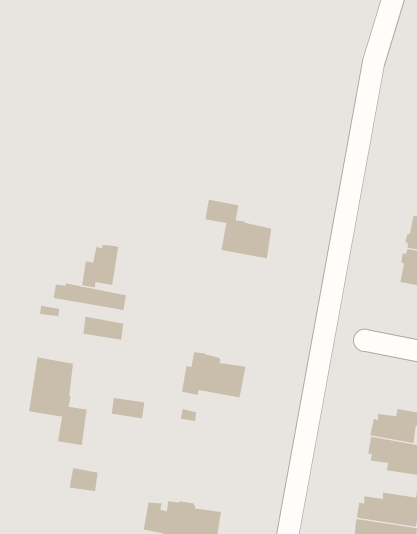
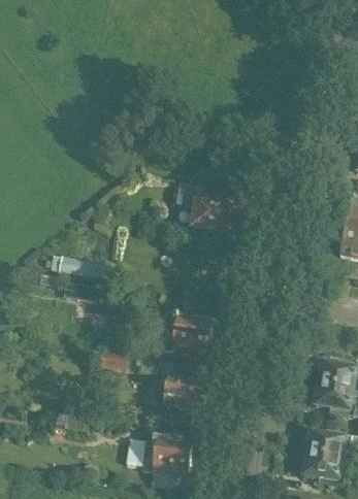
building: [81,244,120,288] -> none
building: [28,357,87,446] -> none
building: none -> [152,375,203,414]

